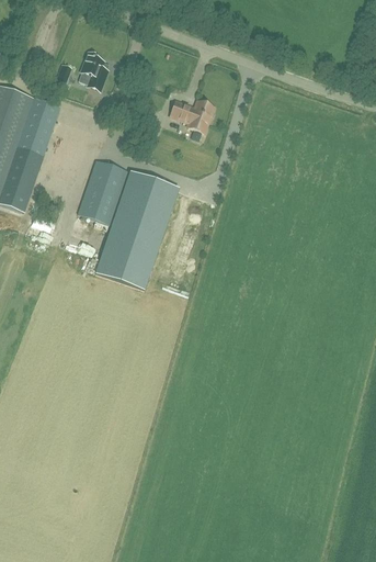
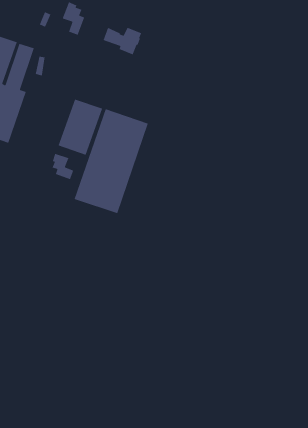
building: [170,100,214,132] -> [102,27,142,56]
building: none -> [52,153,74,180]

